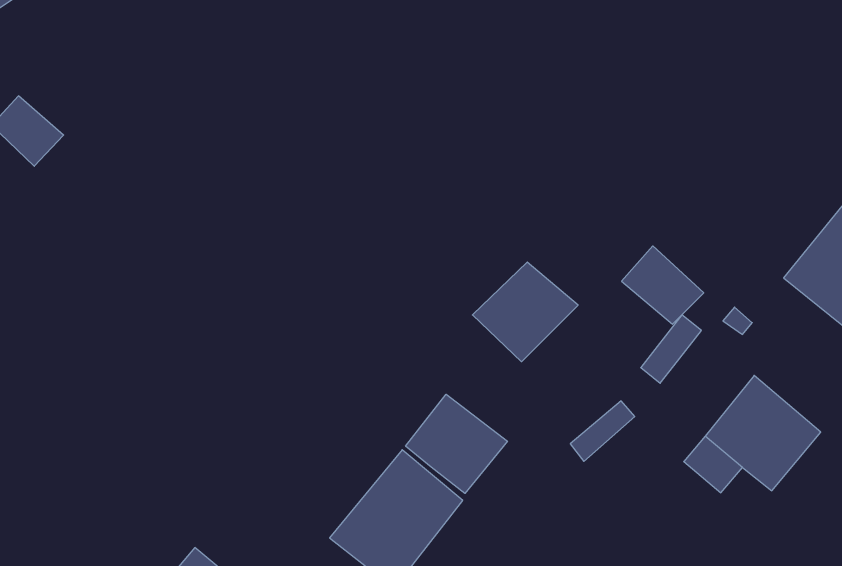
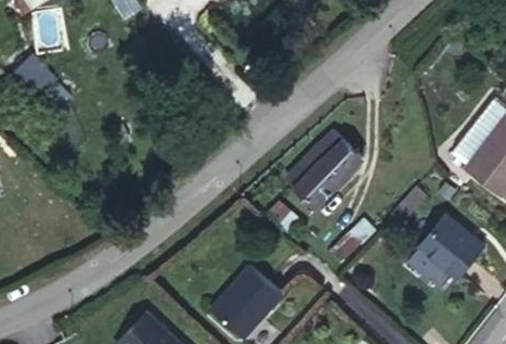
building: [622,246,704,324] -> [319,132,364,176]
building: [406,394,507,493] -> none

